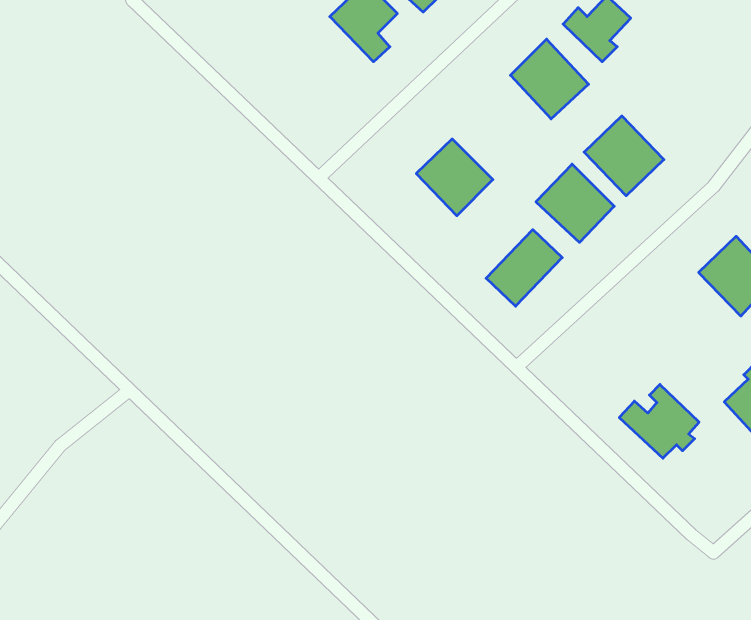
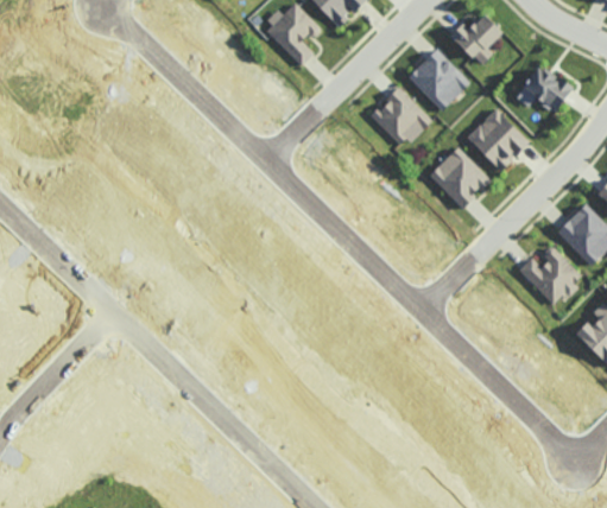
building: none -> [516,64,571,112]
building: [416,139,493,216] -> [369,87,430,147]
building: [486,230,562,306] -> none
building: [619,384,699,458] -> [518,245,581,303]

